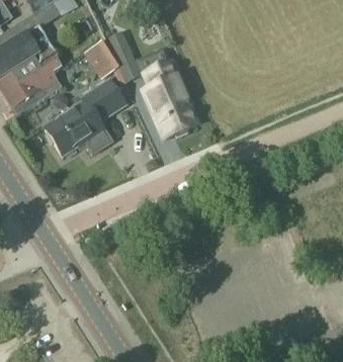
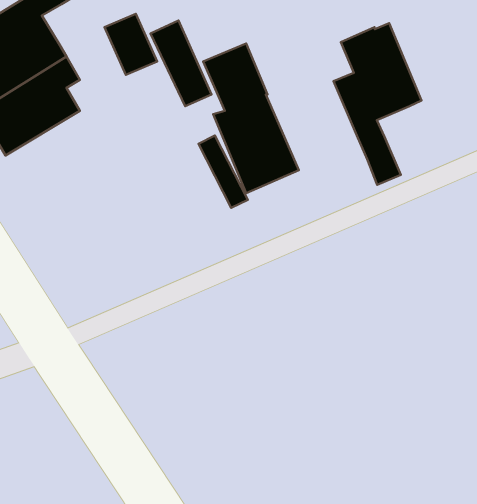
building: none -> [334,23,422,185]
building: [45,77,126,154] -> none

